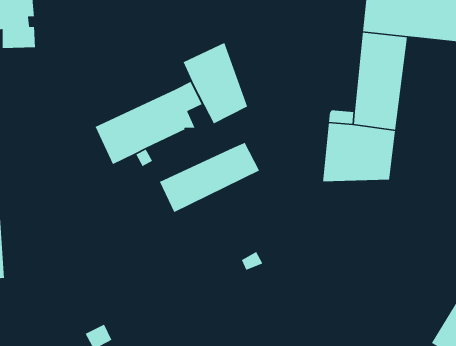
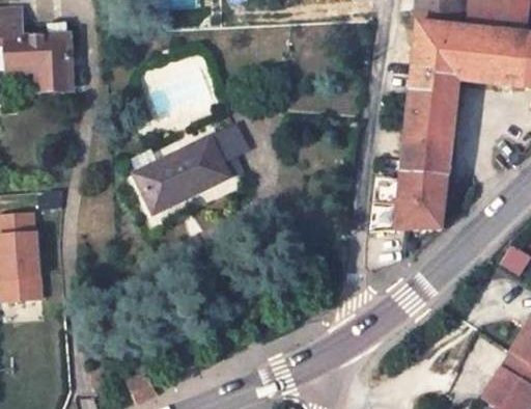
building: [183,42,248,125] -> none
building: [159,142,260,213] -> none

